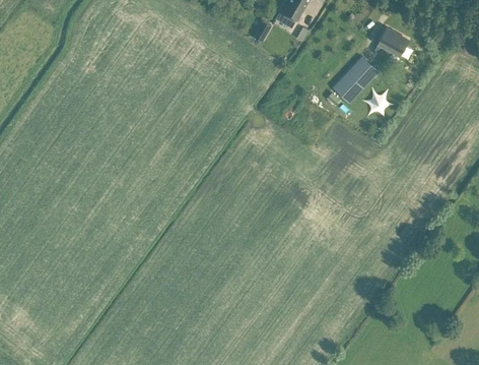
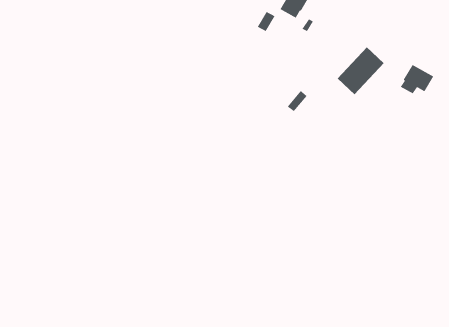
building: [375,28,409,58] -> [400,64,434,94]

